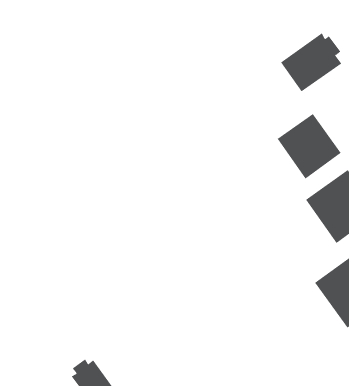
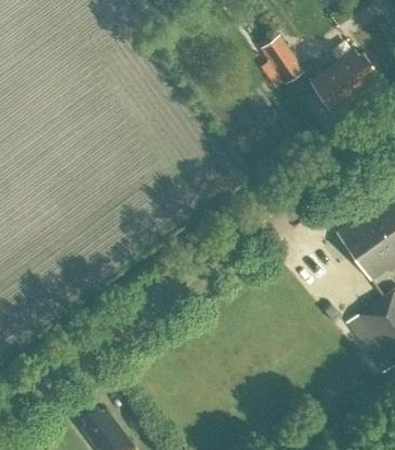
building: none -> [260,36,304,85]
building: [277,113,342,179] -> none

